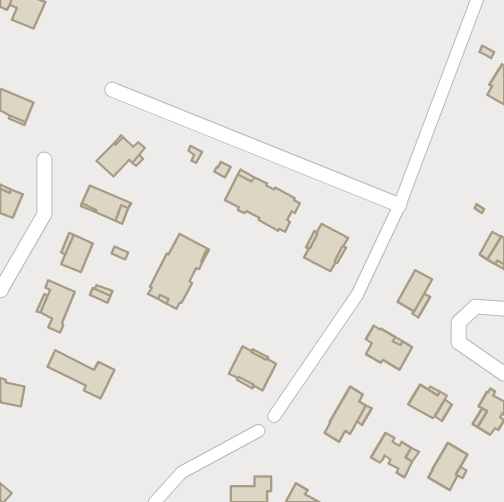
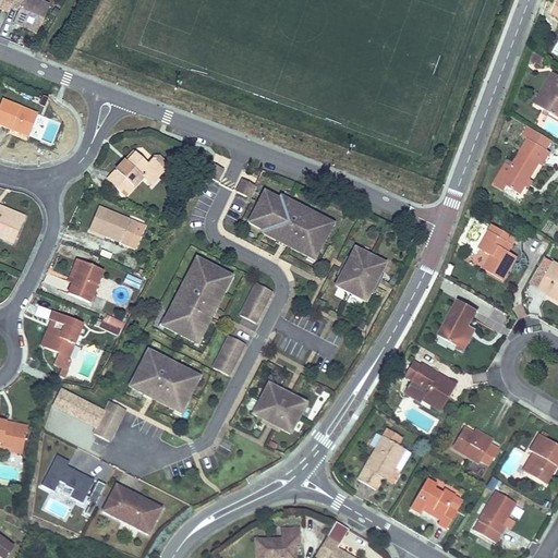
building: none -> [493,124,551,192]
building: none -> [480,223,515,278]
building: none -> [240,282,271,322]
building: none -> [214,335,244,374]
building: none -> [130,350,198,410]
building: none -> [41,454,106,514]
building: none -> [102,483,162,534]

